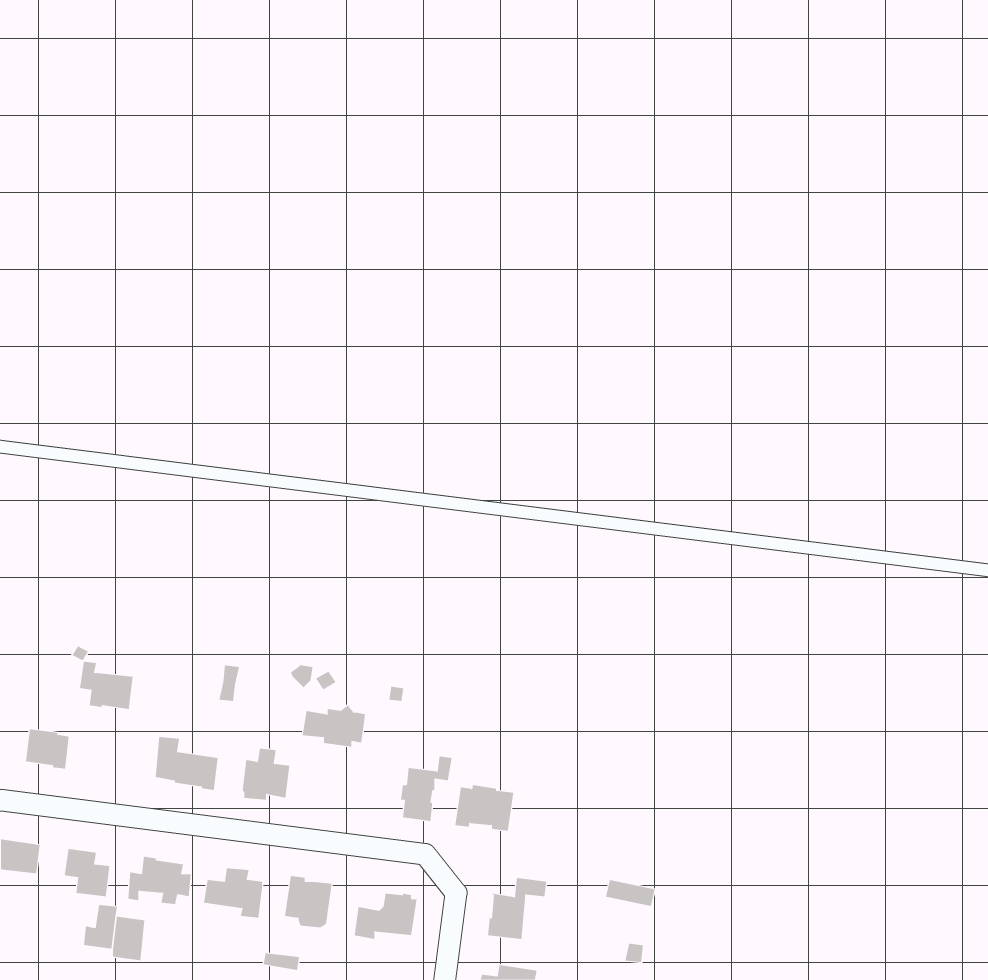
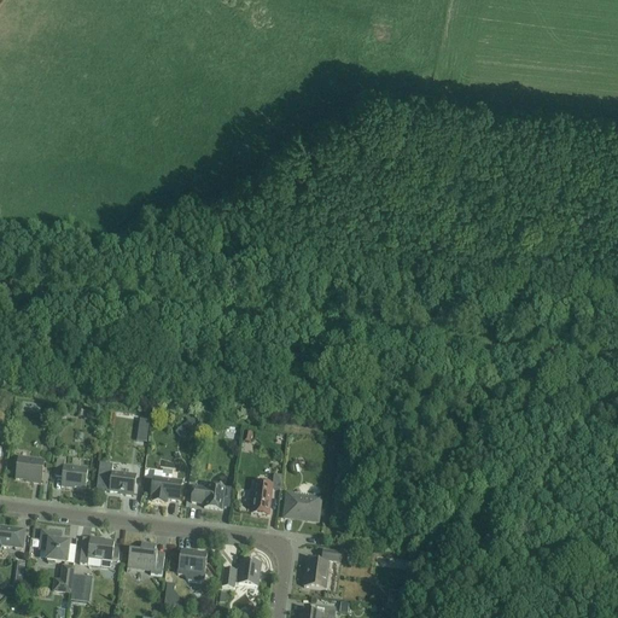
building: [79,661,133,709] -> [54,456,88,486]
building: [302,705,366,747] -> [191,480,231,507]

